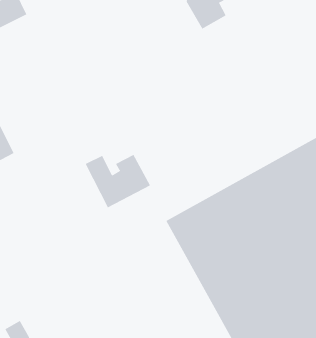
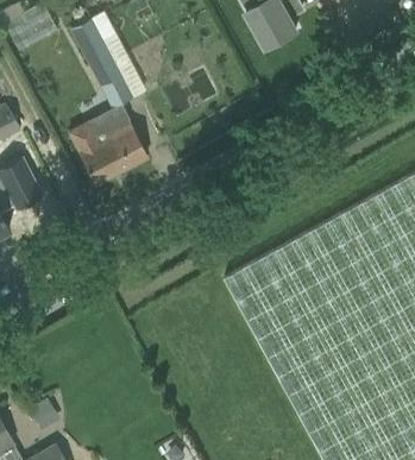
building: none -> [68,17,143,109]
building: [85,154,151,208] -> [67,119,146,184]

